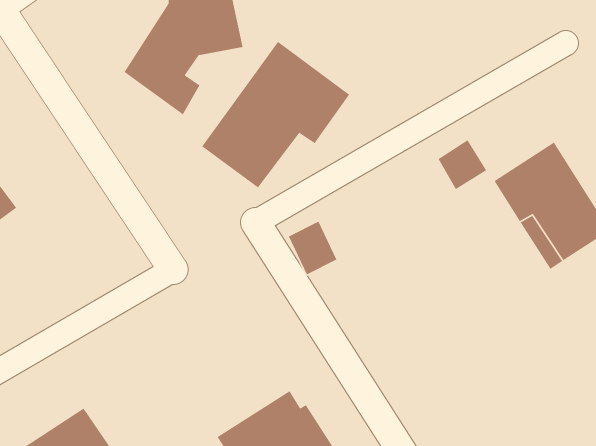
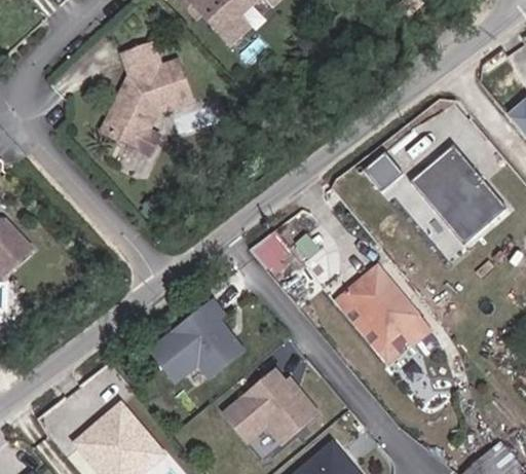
building: [201,41,350,188] -> none
building: none -> [342,266,437,365]
building: none -> [143,296,237,377]

